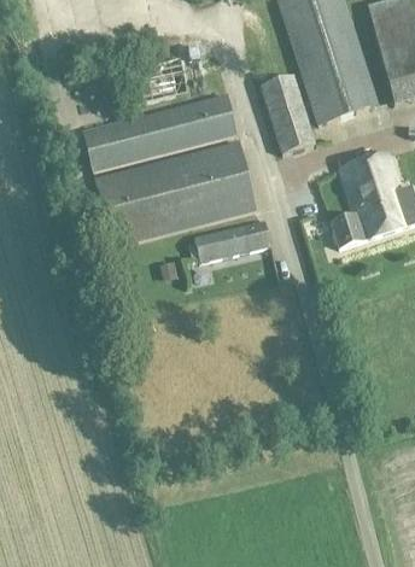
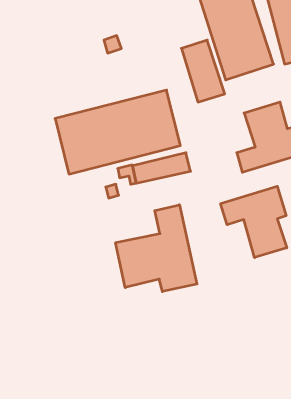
building: [82,92,239,171] -> none
building: none -> [221,186,287,258]
building: none -> [116,205,197,292]

